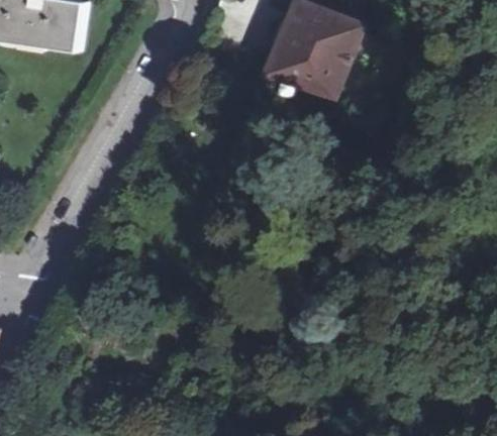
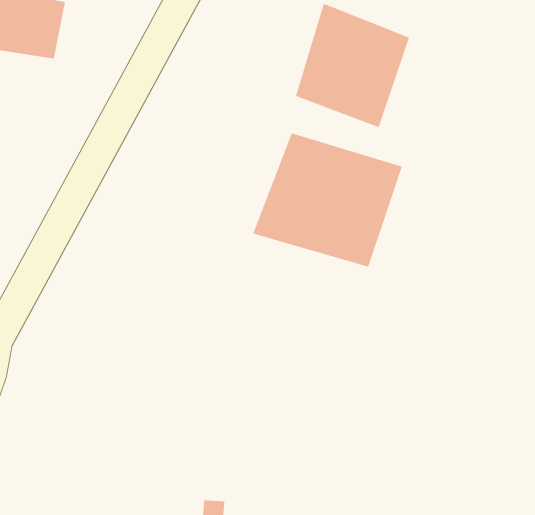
building: none -> [253,133,402,267]

